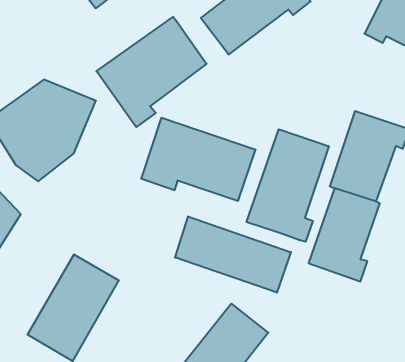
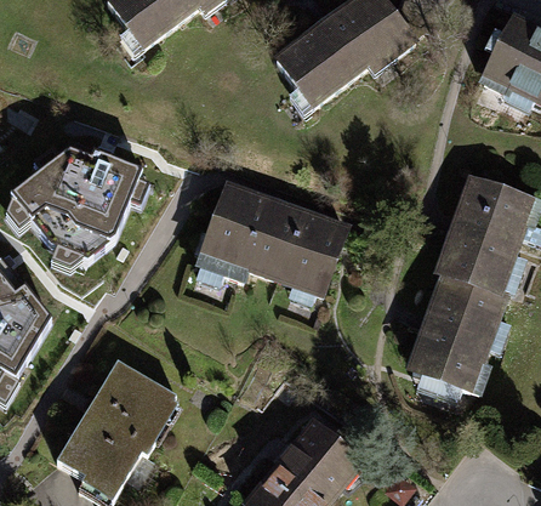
building: [96,17,207,127] -> none
building: [247,129,329,242] -> none
building: [175,216,291,293] -> none

